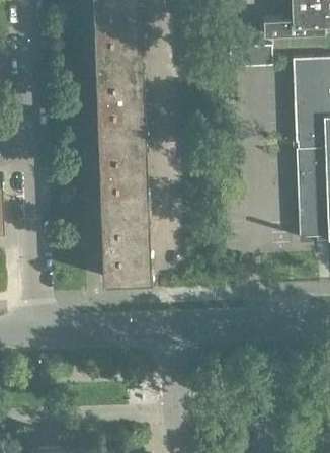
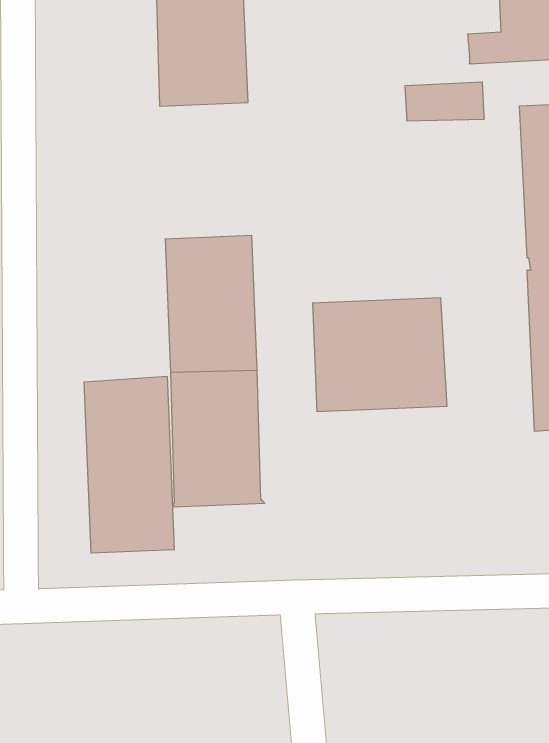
building: [94,62,145,137] -> none
building: none -> [313,298,447,412]
building: none -> [84,376,174,553]

